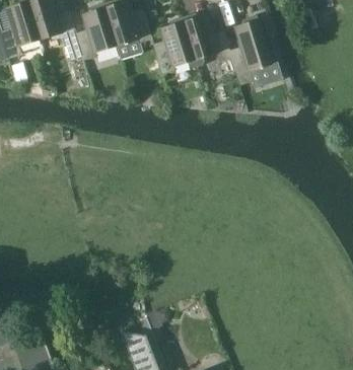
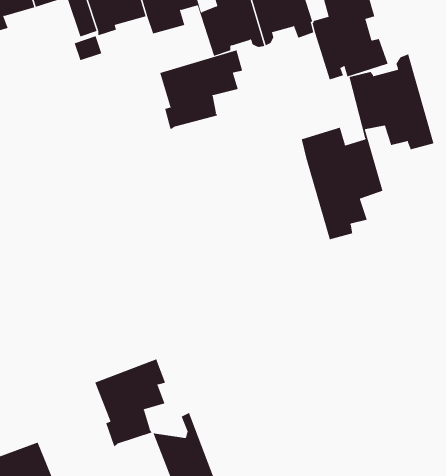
building: none -> [159,49,243,130]
building: none -> [301,53,434,240]
building: none -> [95,359,166,447]

